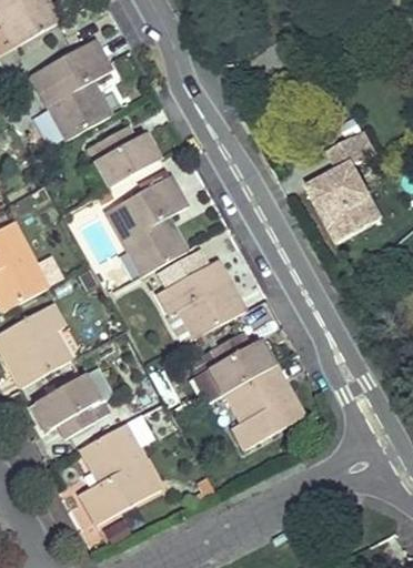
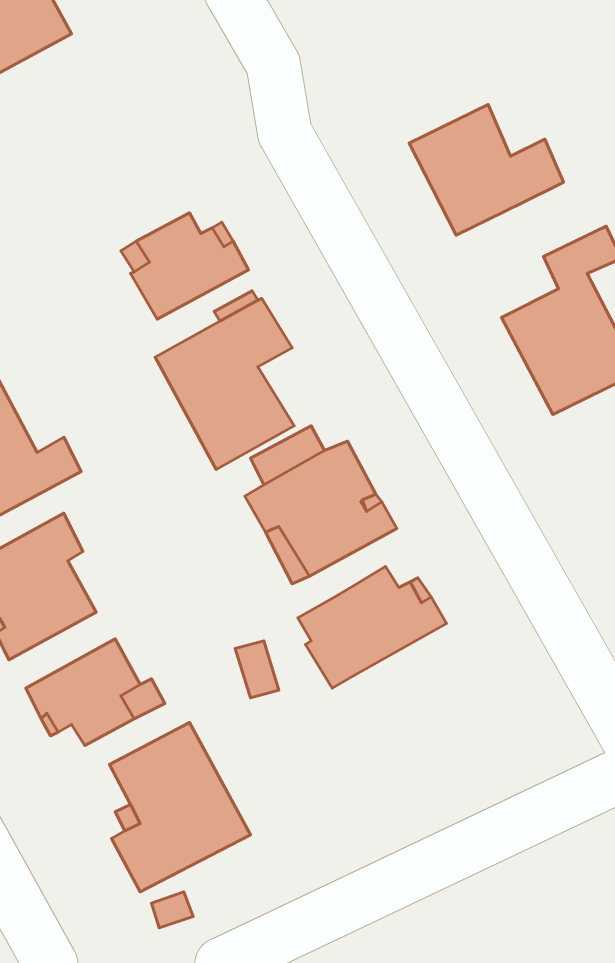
building: [29,41,109,139] -> none
building: none -> [409,105,563,235]
building: [222,366,303,449] -> none

